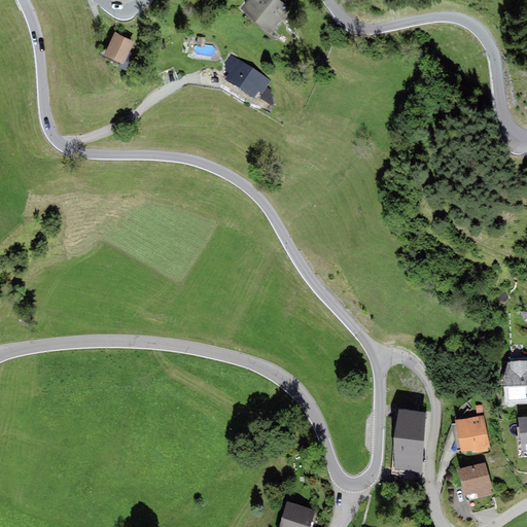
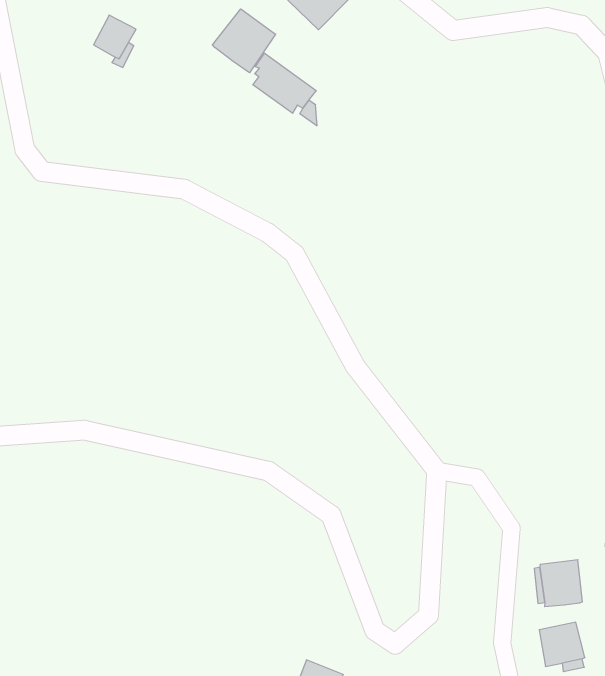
building: none -> [212,9,276,73]
building: [394,410,426,472] -> none

